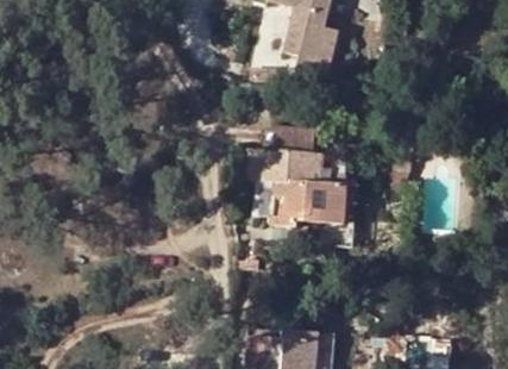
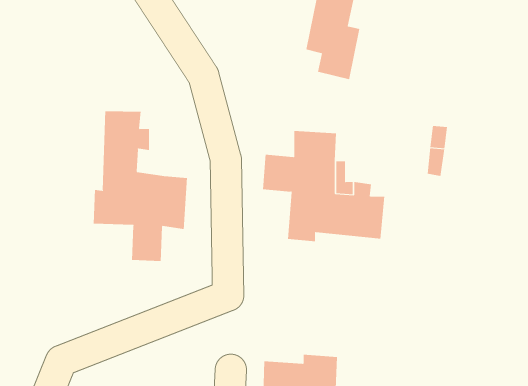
building: none -> [93,110,187,262]

